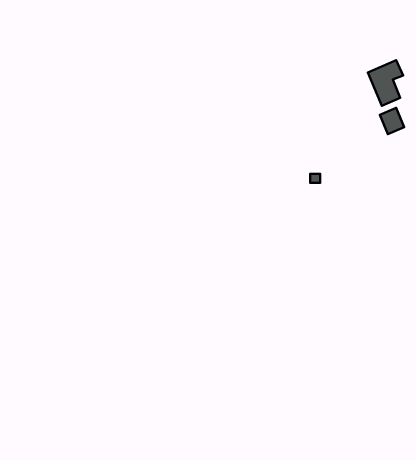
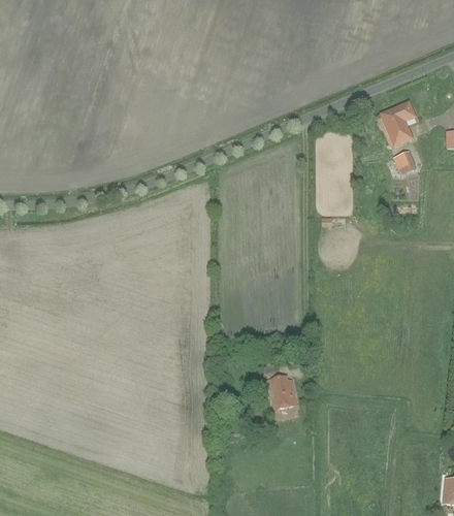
building: none -> [266,375,295,410]

